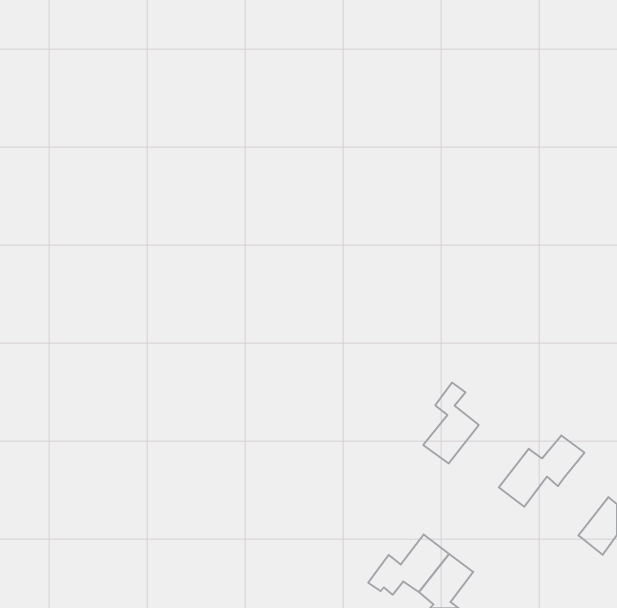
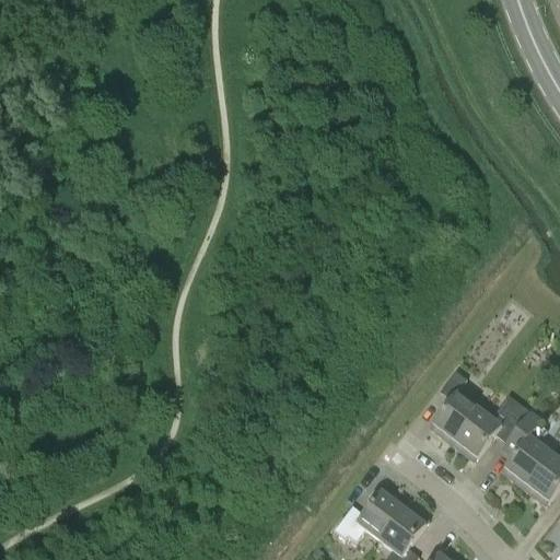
building: [423,383,479,463] -> [429,369,479,442]
building: none -> [501,409,551,486]

